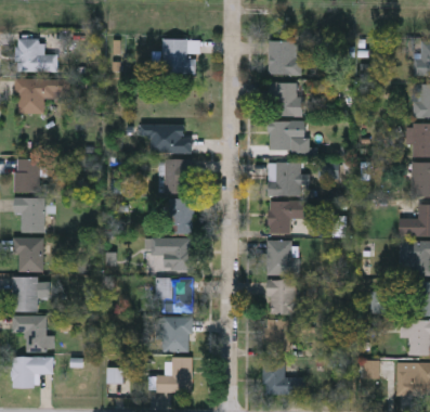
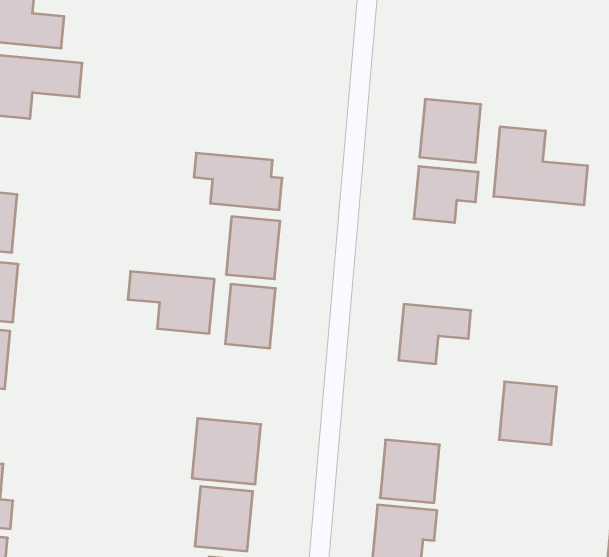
building: [161,40,199,74] -> none
building: [269,41,300,75] -> none
building: none -> [494,127,588,205]
building: [266,163,300,196] -> none
building: [145,240,194,271] -> [128,271,214,333]
building: [266,241,297,274] -> [499,382,557,445]

